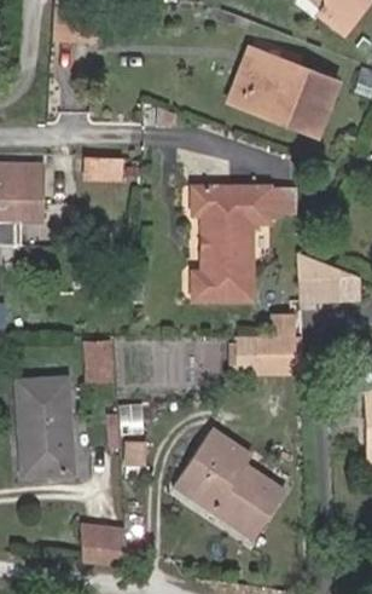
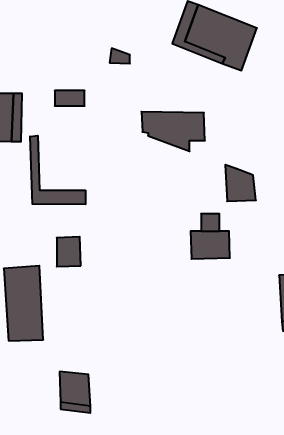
building: none -> [30,136,85,204]
building: [192,215,252,296] -> none
building: [176,431,280,535] -> none

